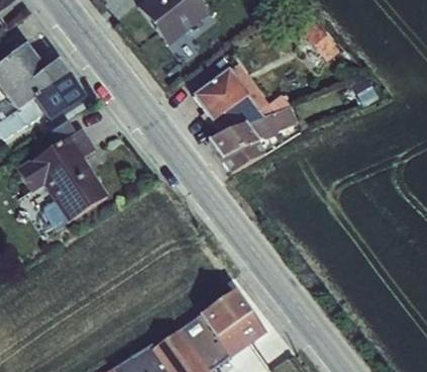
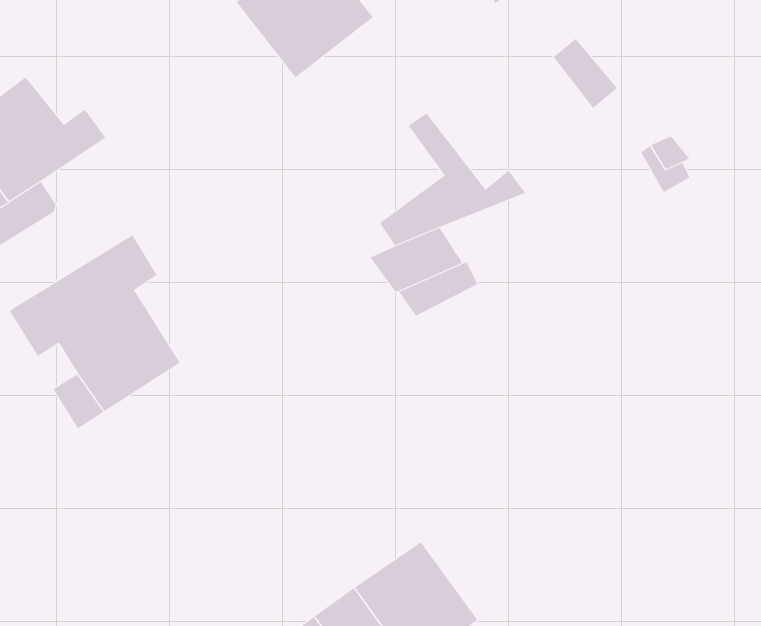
building: [194,70,247,121] -> none
building: [34,76,84,122] -> none
building: [245,106,296,137] -> none

